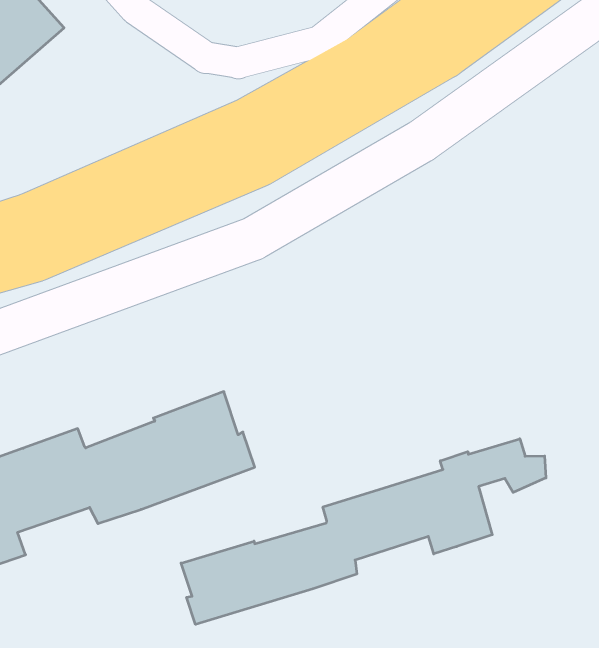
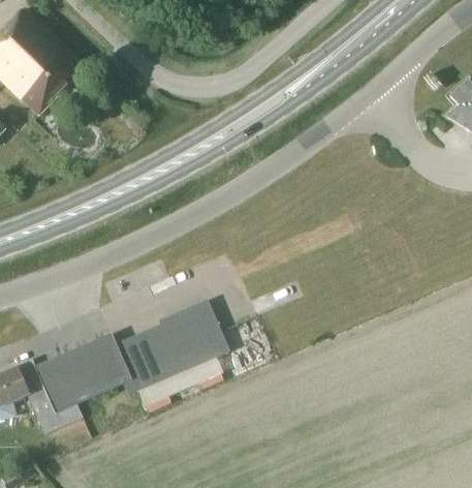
building: [181,439,546,624] -> none

